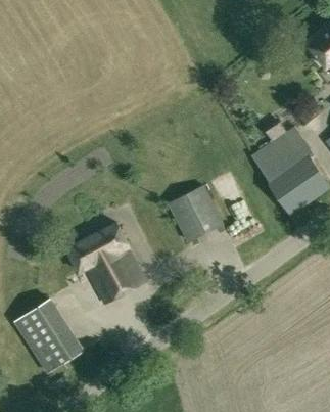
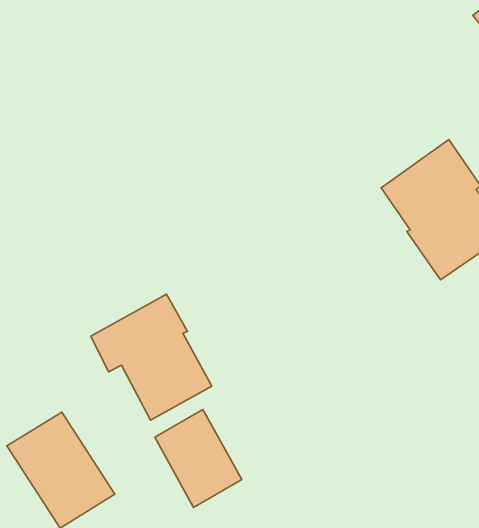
building: [169,185,224,243] -> none
building: none -> [155,409,242,508]

